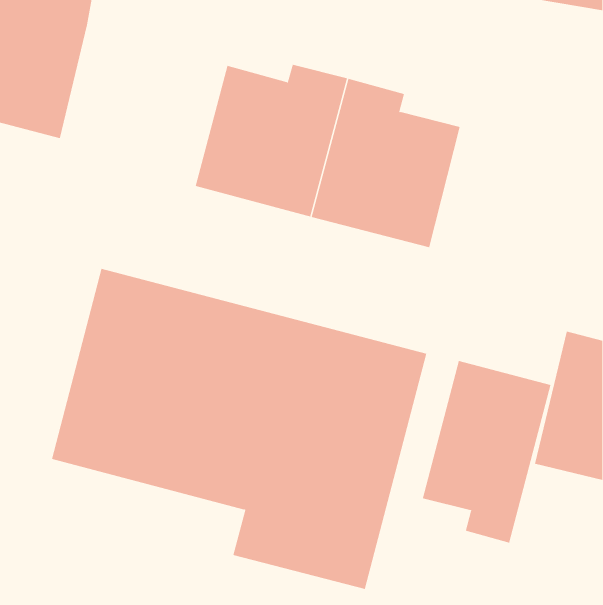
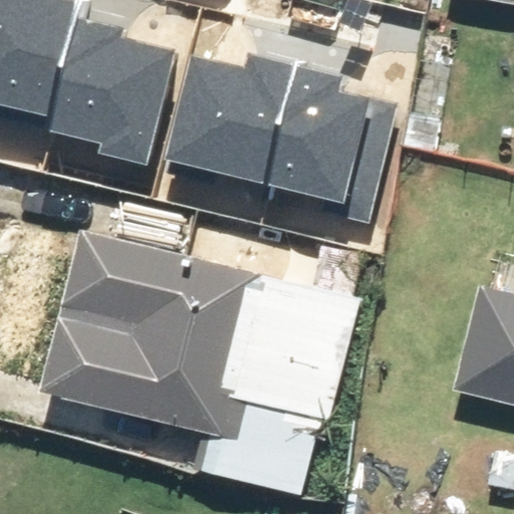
building: none -> [48,21,174,166]
building: [422,360,551,543] -> none

